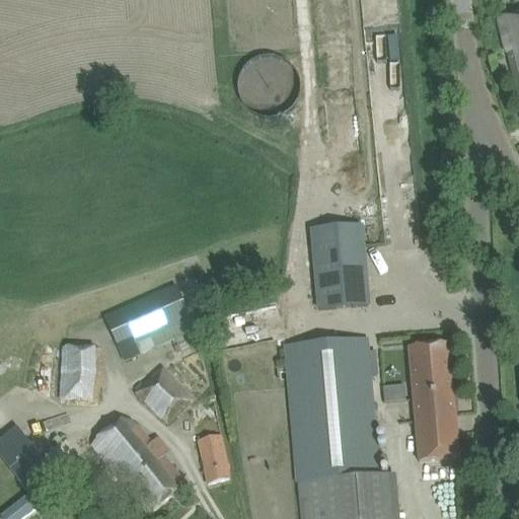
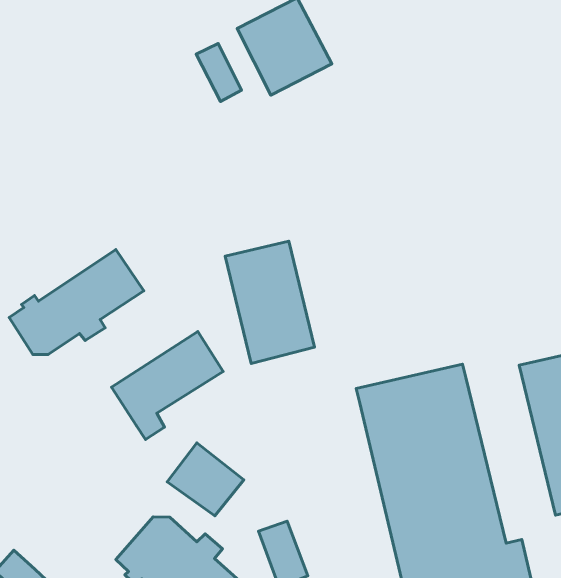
building: none -> [196,44,242,102]
building: none -> [9,249,144,354]
building: [311,222,367,308] -> [225,241,314,364]
building: [57,344,99,399] -> none

